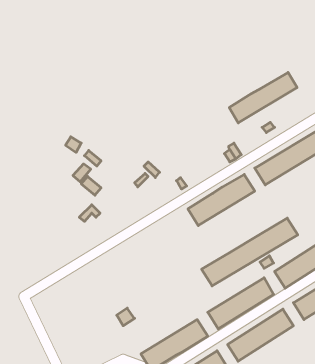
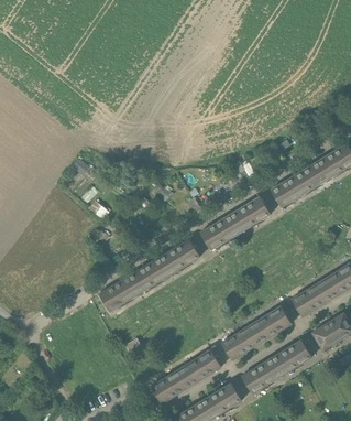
building: [229,72,297,123] -> none
building: [202,218,298,286] -> [99,239,200,311]

